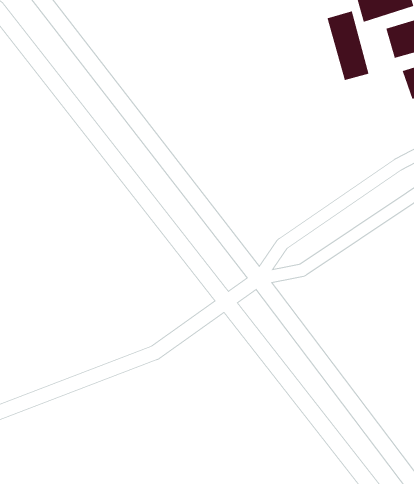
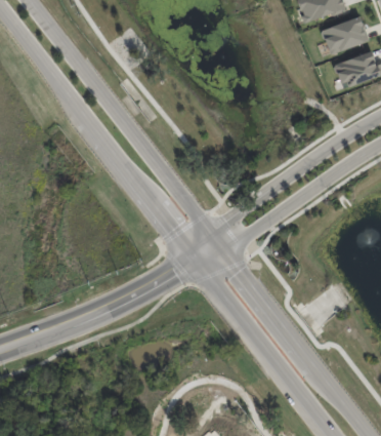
building: [327,11,369,81] -> none

